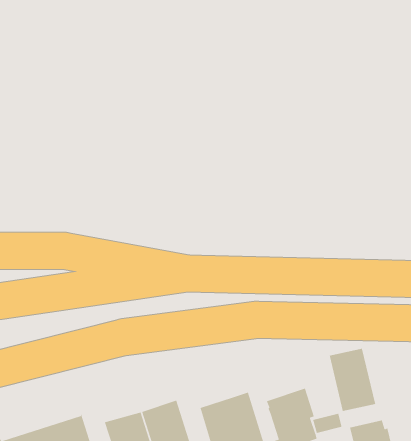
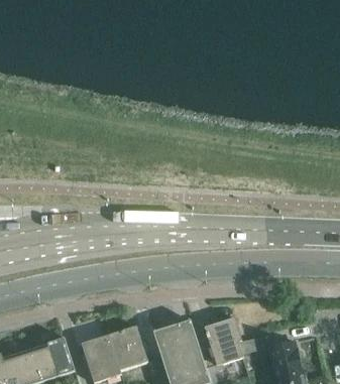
building: [329,348,376,412] -> none

